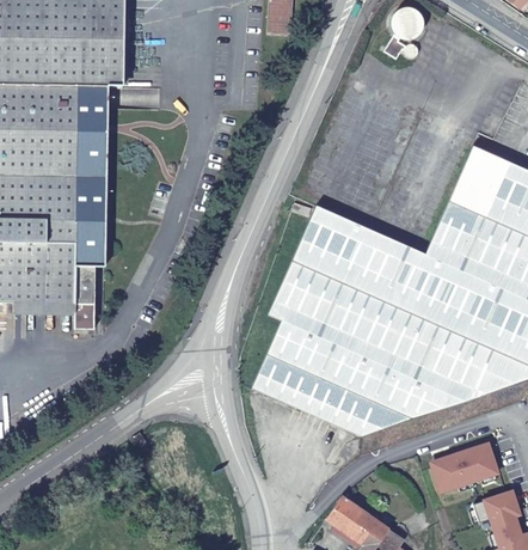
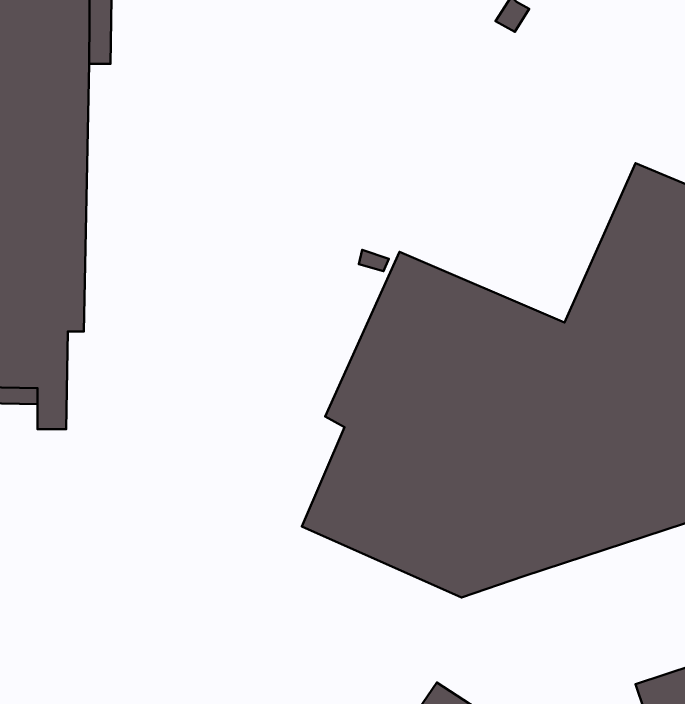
building: [436,439,501,485] -> none

